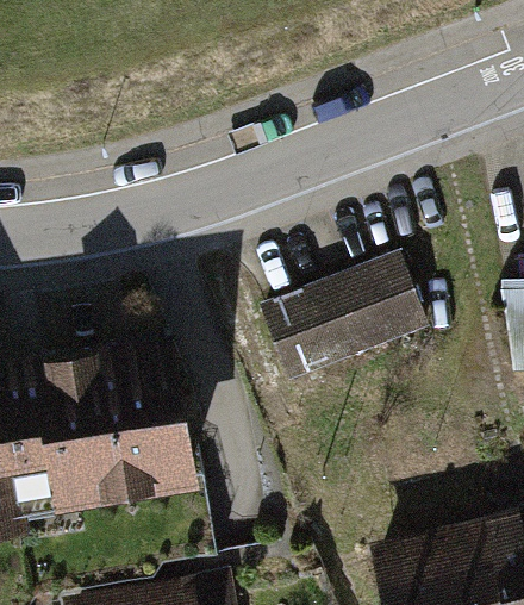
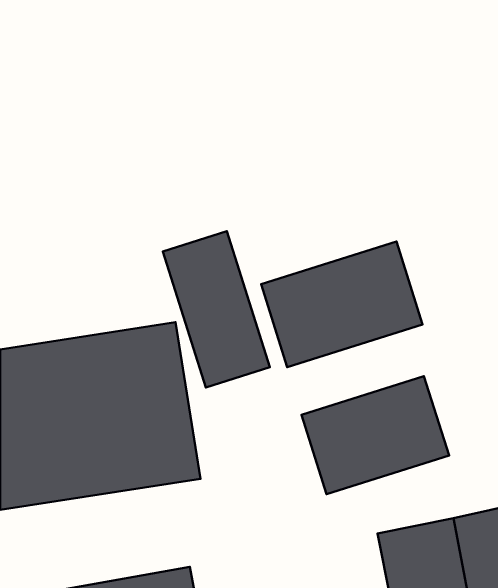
building: none -> [163,231,270,388]
building: none -> [301,376,449,494]

